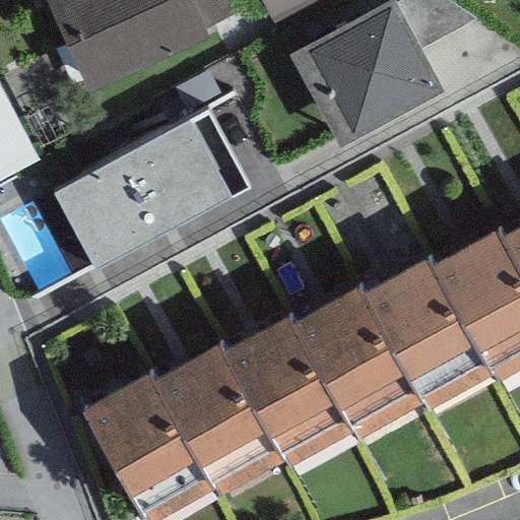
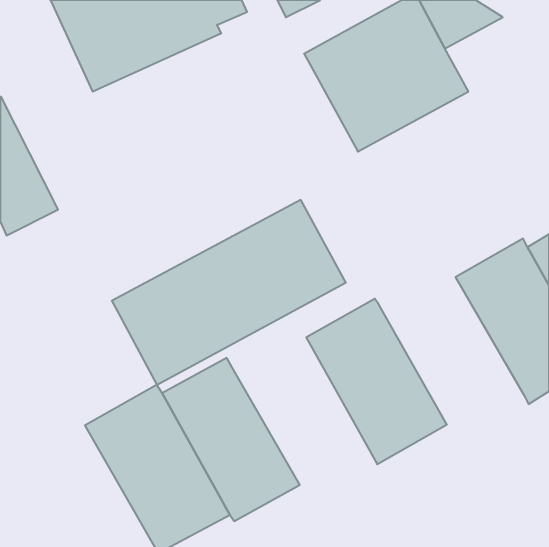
building: [61,106,282,280] -> [112,200,346,385]
building: [359,253,496,413] -> none
building: [219,312,351,468] -> none

